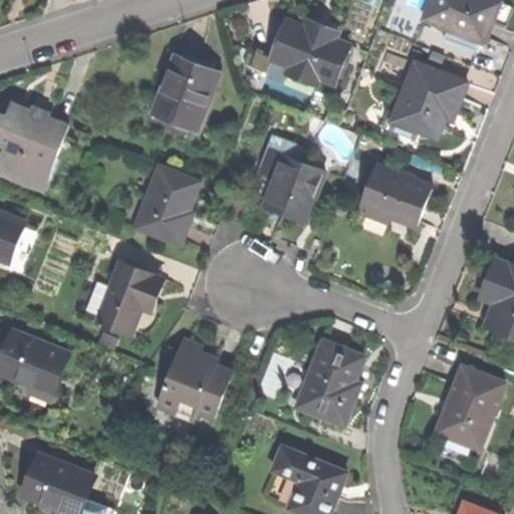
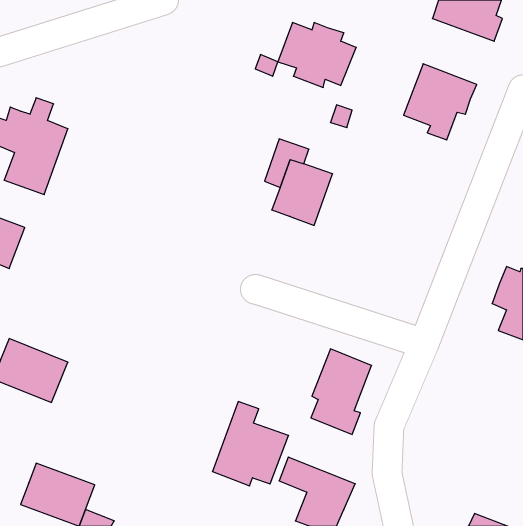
building: [152,55,218,133] -> none
building: [359,164,431,226] -> none
building: [135,167,198,245] -> none
building: [95,262,154,334] -> none
building: [157,338,231,421] -> [212,402,289,486]
building: [439,365,503,449] -> none

